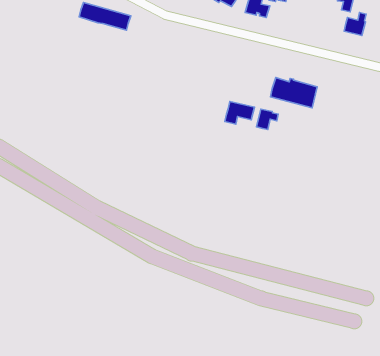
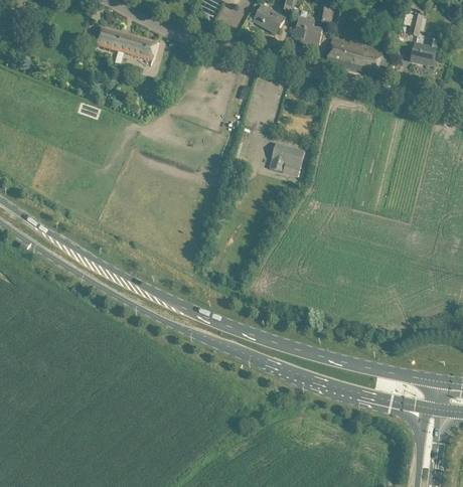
building: [271,78,317,108] -> [325,37,380,73]
building: [256,109,278,130] -> none

